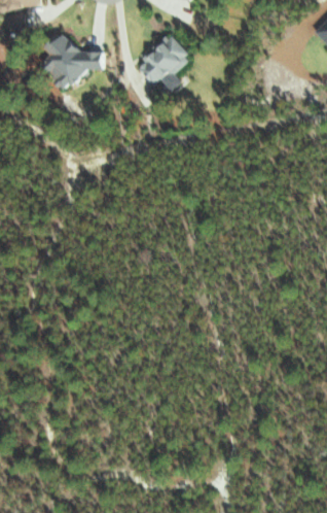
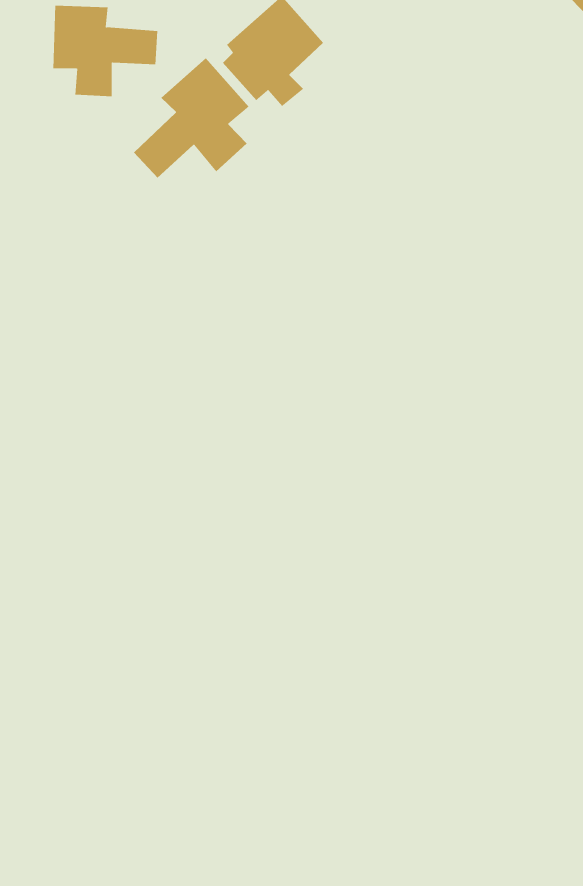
building: none -> [133,57,250,178]

